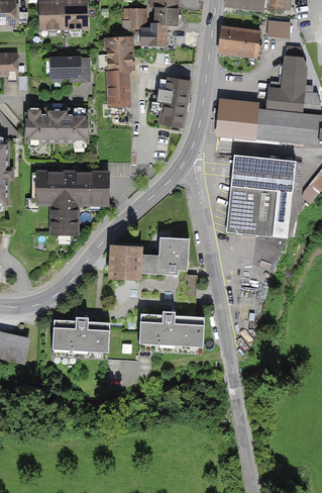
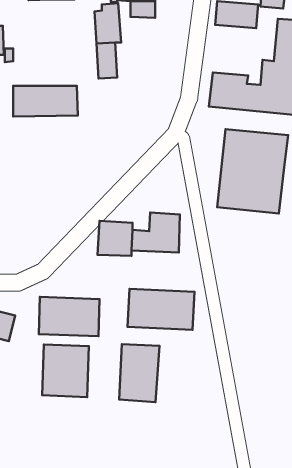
building: [52,57,92,81] -> none
building: [154,78,188,126] -> none
building: [30,171,107,232] -> none
building: none -> [119,344,160,402]
building: none -> [42,344,89,397]

